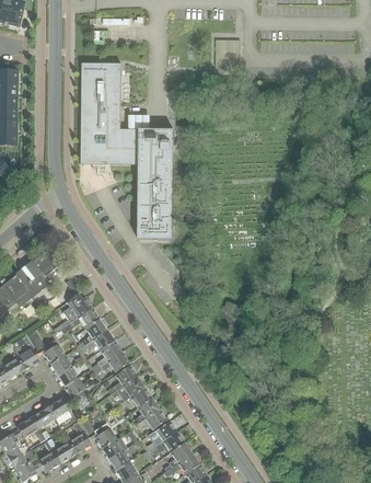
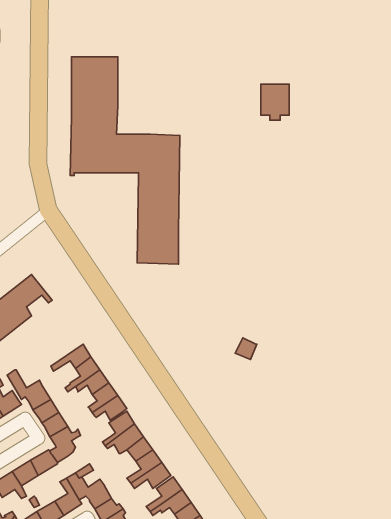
building: [216,39,240,70] -> [261,84,289,120]
building: [53,294,92,333] -> none

